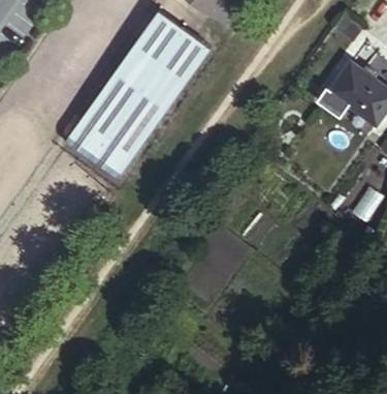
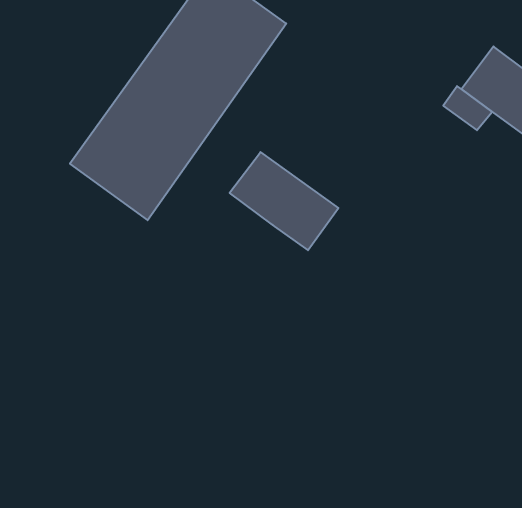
building: none -> [230,152,338,250]

